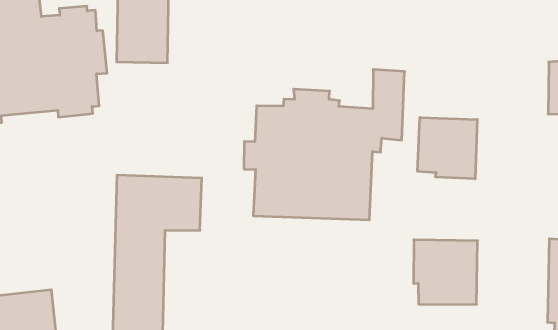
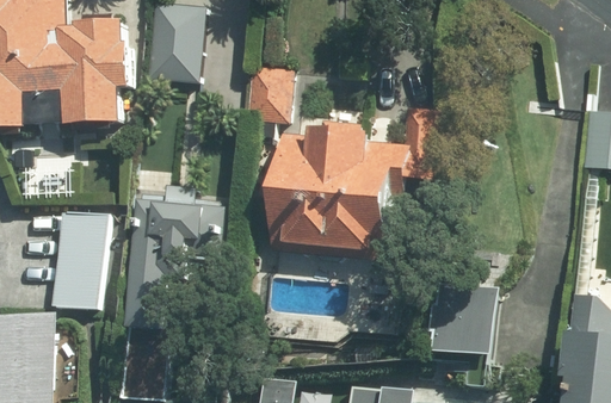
building: none -> [243,66,291,120]
building: [418,117,477,179] -> none
building: none -> [55,206,105,300]

